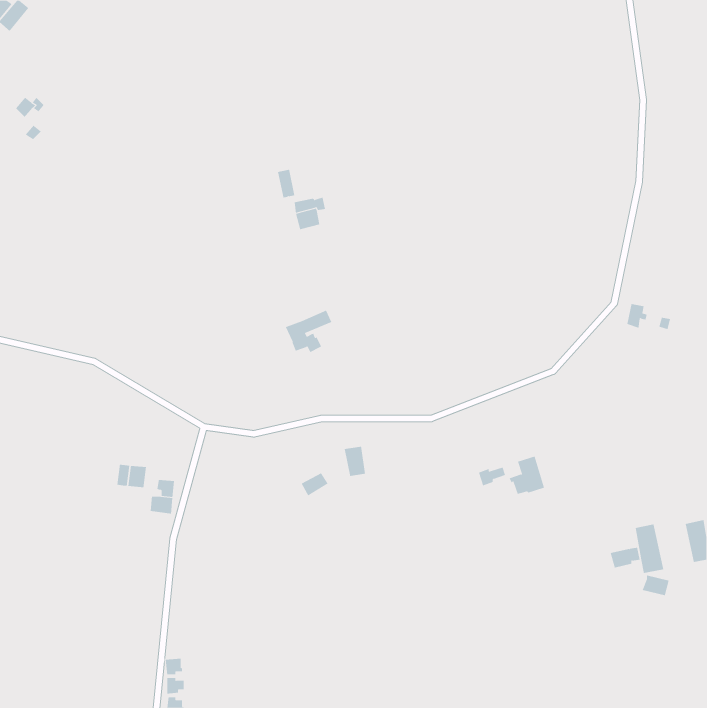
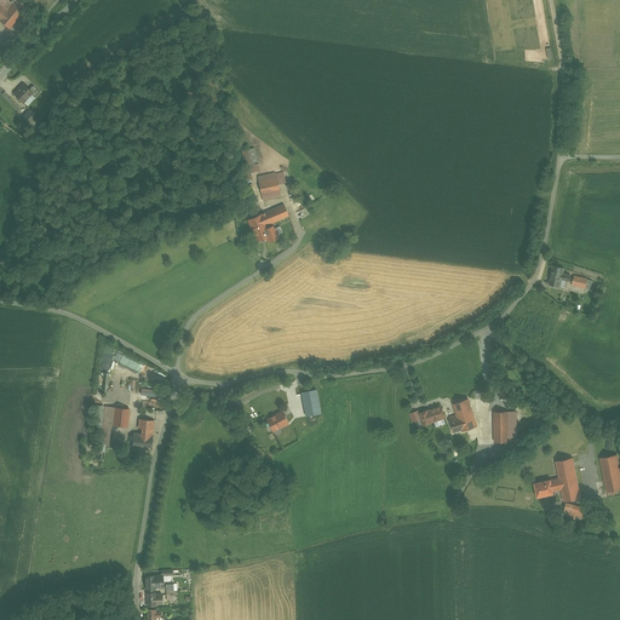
building: [285,310,332,353] -> [246,205,287,242]
building: none -> [493,412,512,442]

